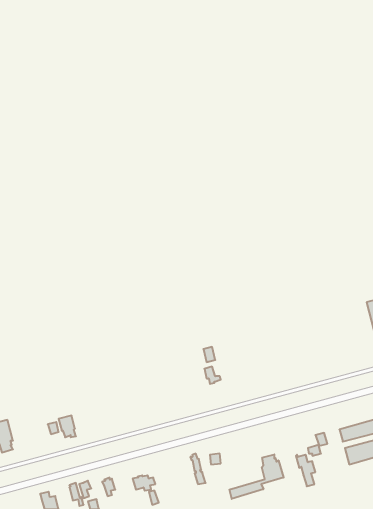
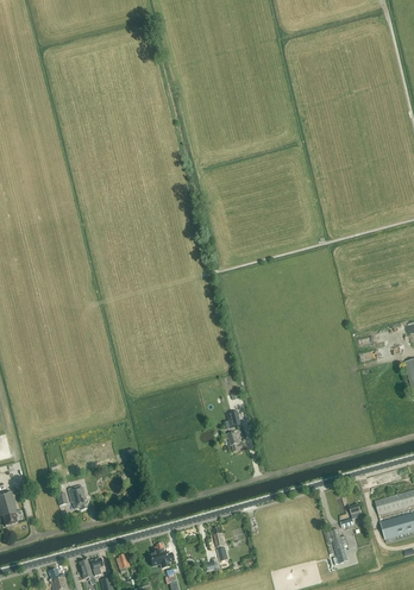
building: [229,454,284,499] -> none

